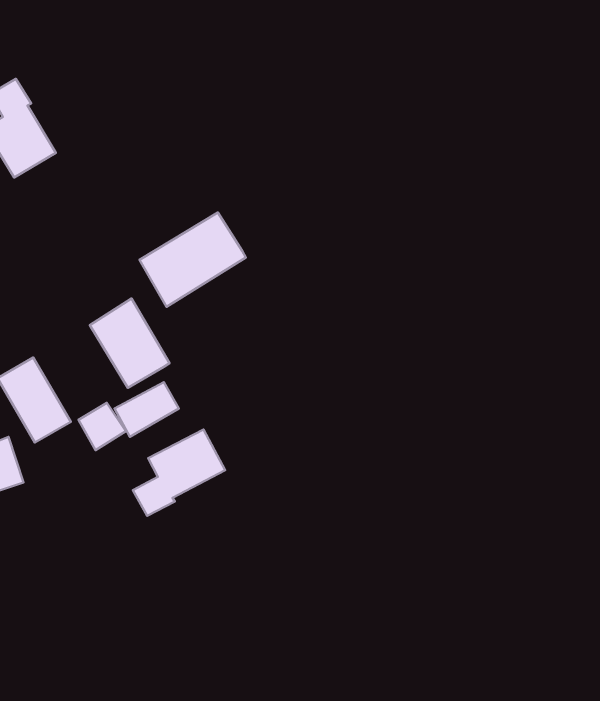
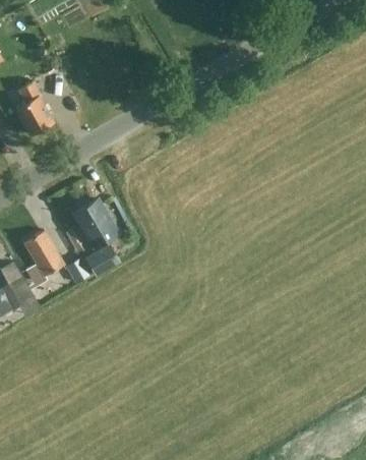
building: [140,212,246,307] -> none
building: [133,429,225,516] -> none

